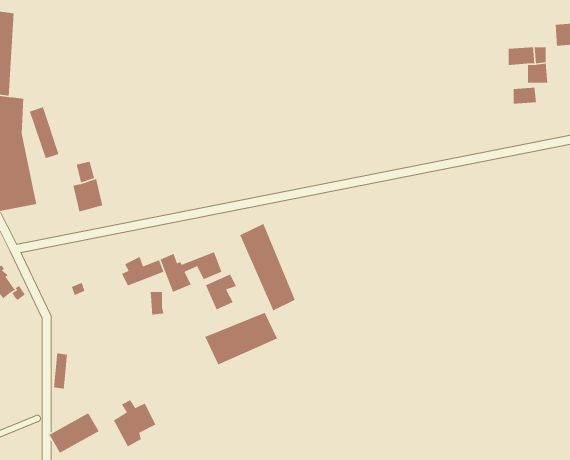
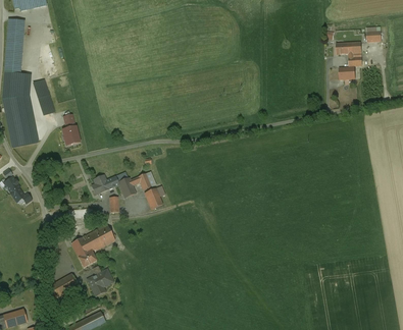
building: [239,223,296,312] -> none
building: [204,312,278,365] -> none
building: none -> [68,225,112,268]

